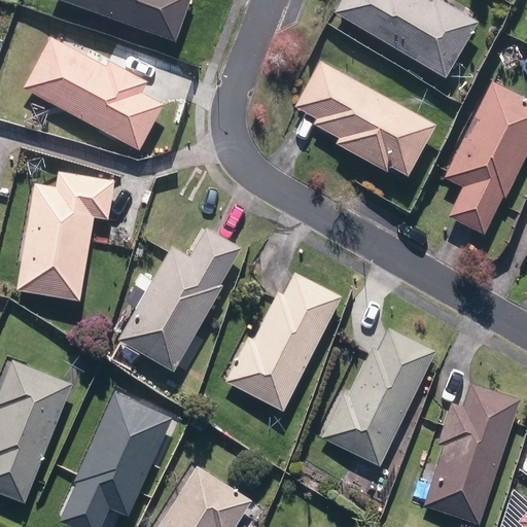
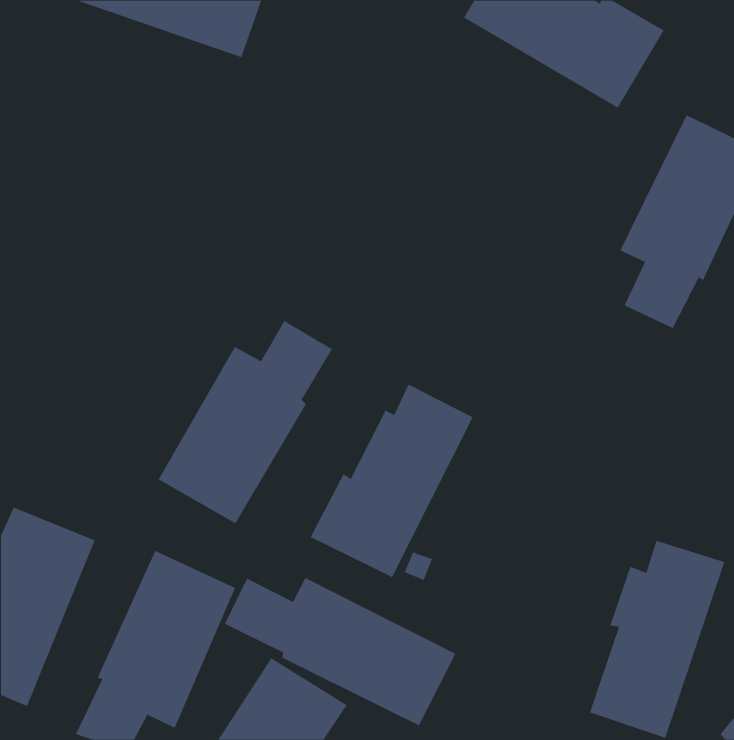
building: [23,36,164,150] -> none
building: [293,61,435,177] -> none
building: [15,172,114,302] -> none
building: [321,327,435,467] -> none
building: none -> [224,577,456,726]

